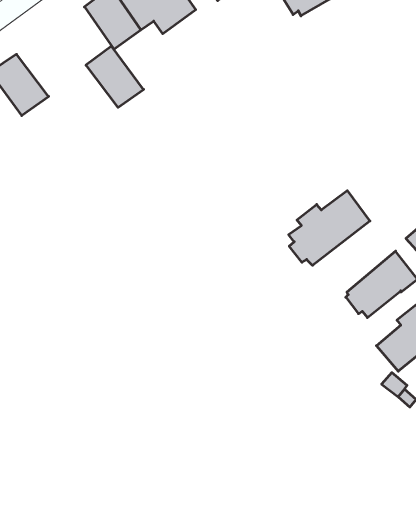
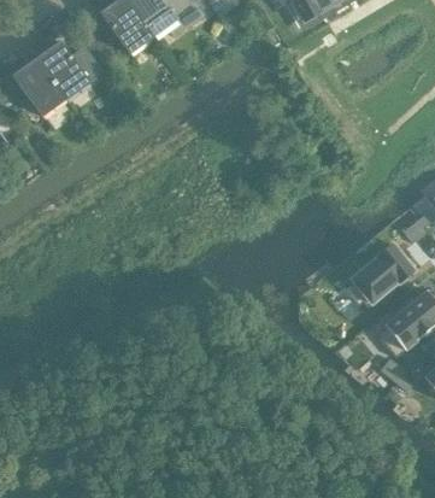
building: [86,46,144,107] -> [36,39,90,96]
building: [289,191,370,265] -> none

